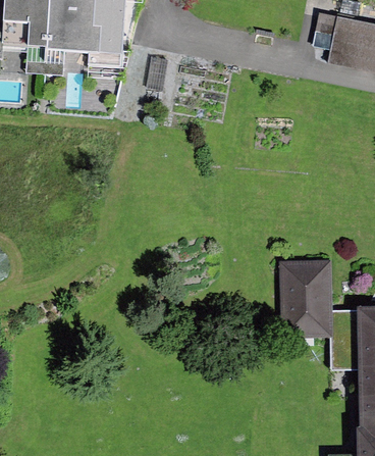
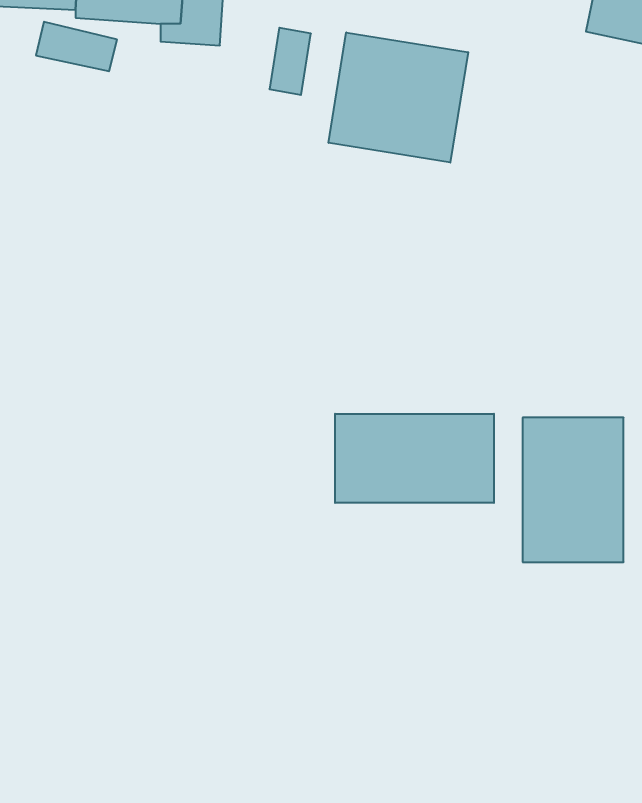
building: none -> [329,32,468,163]
building: none -> [335,414,494,503]

